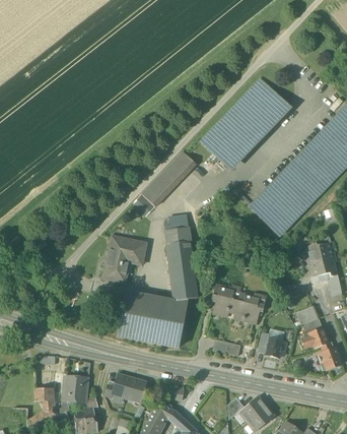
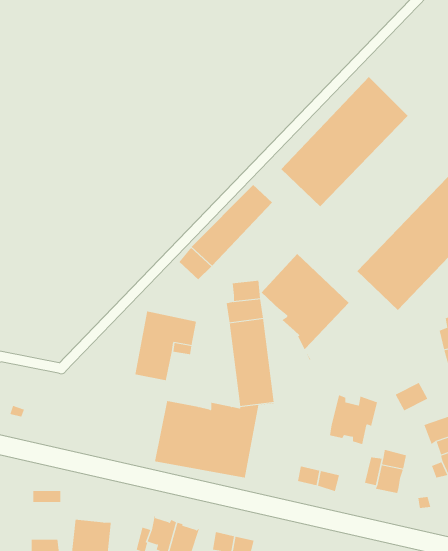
building: none -> [261,253,349,361]
building: [212,284,240,317] -> none

